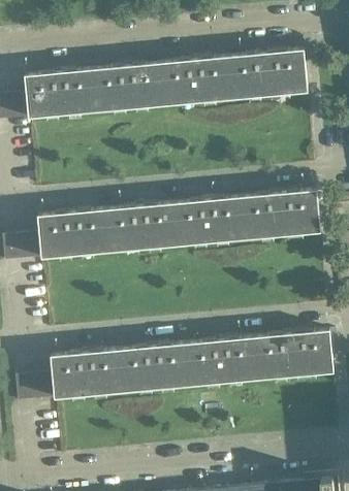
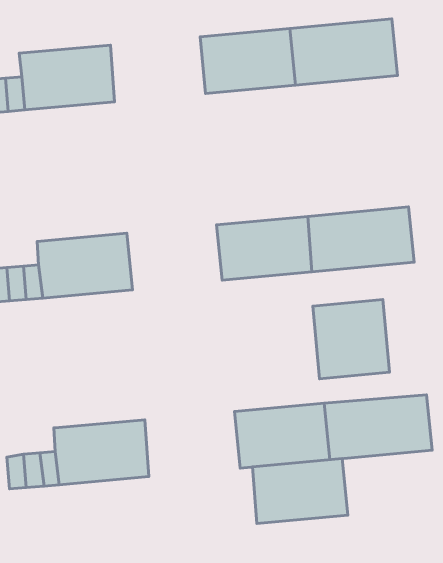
building: [92,64,163,112] -> none
building: [104,204,176,253] -> none
building: none -> [313,299,389,379]
building: [118,343,189,392] -> [253,459,348,524]

